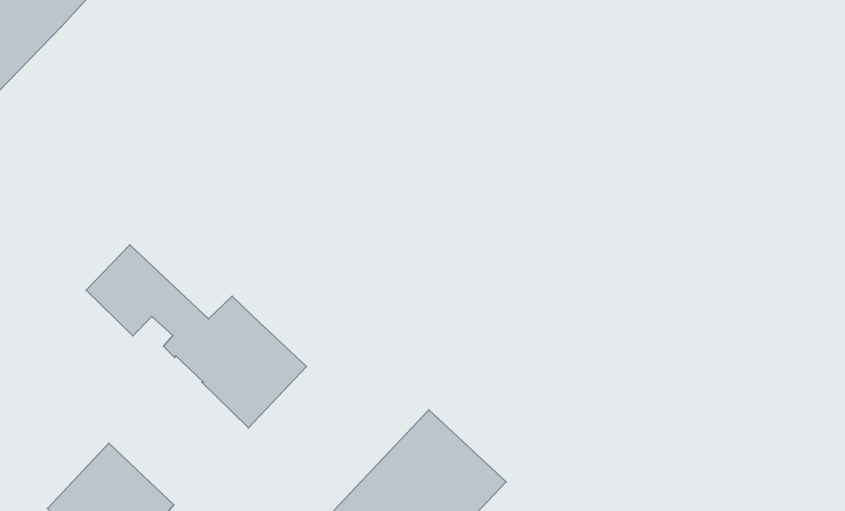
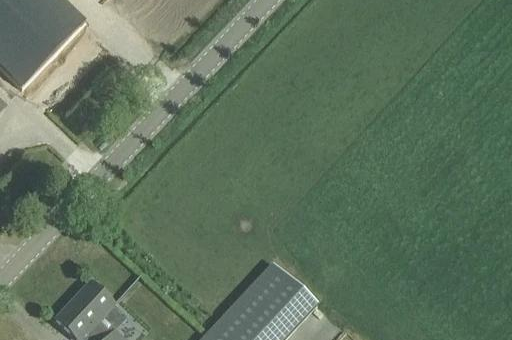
building: [86,245,306,428] -> none

